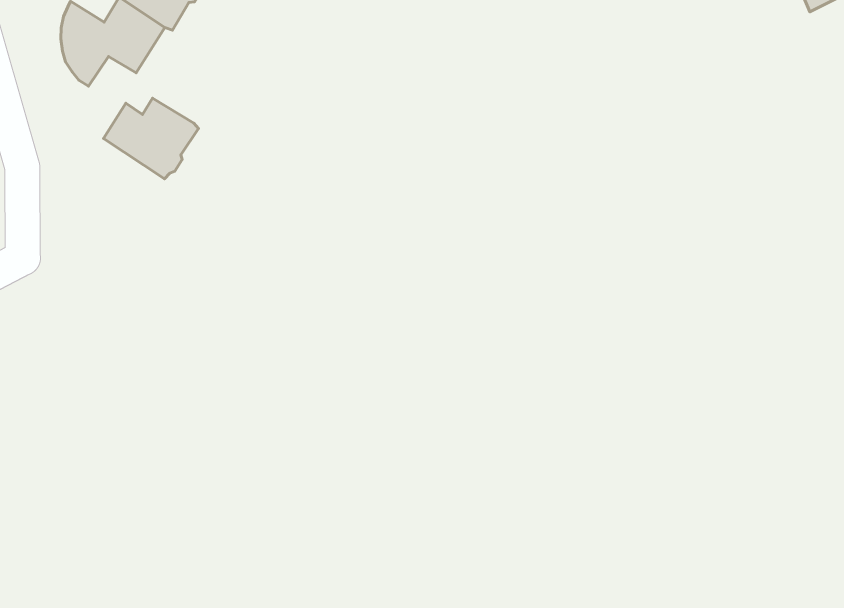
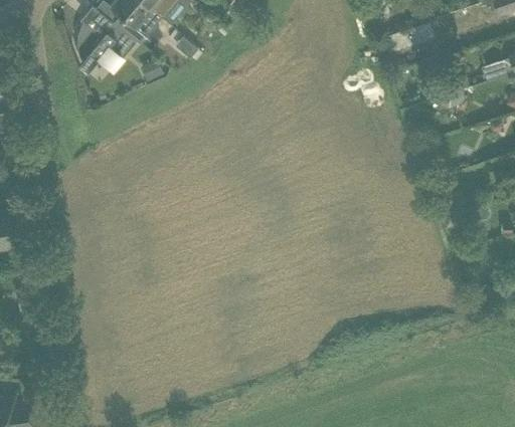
building: [103,98,199,179] -> none

